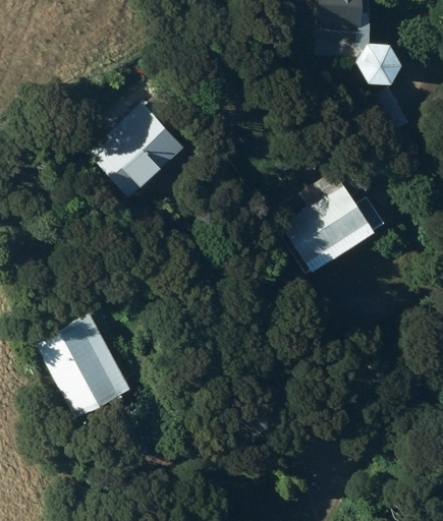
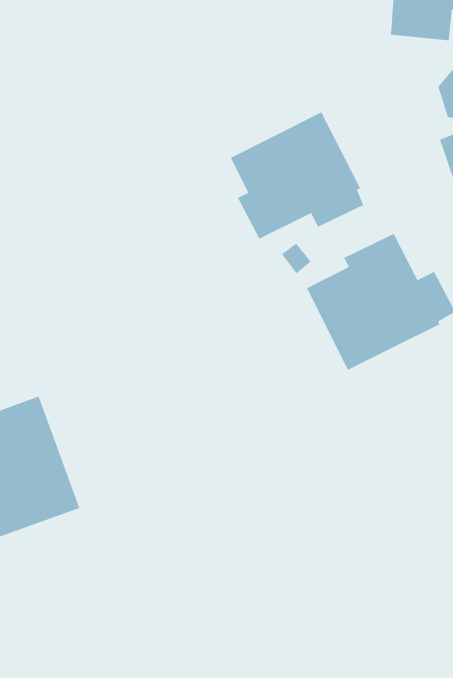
building: none -> [230,112,364,239]
building: [88,104,182,197] -> none

